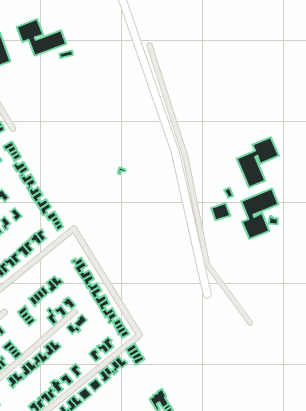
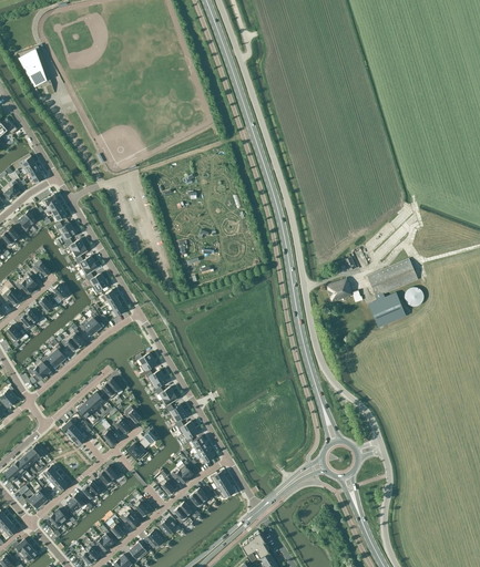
building: [17,19,66,56] -> none
building: [237,137,279,188] -> none

